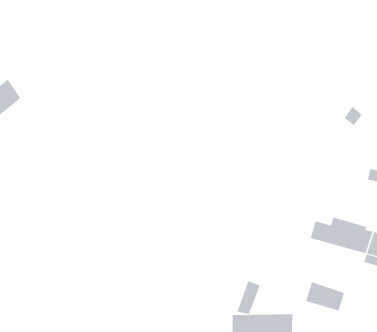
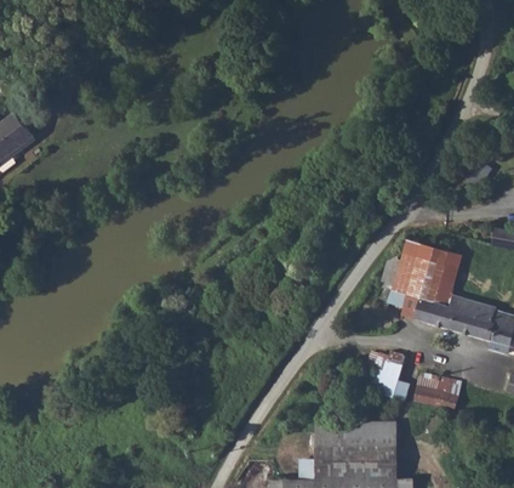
building: none -> [387,240,457,319]
building: [237,280,261,315] -> [377,351,409,396]

